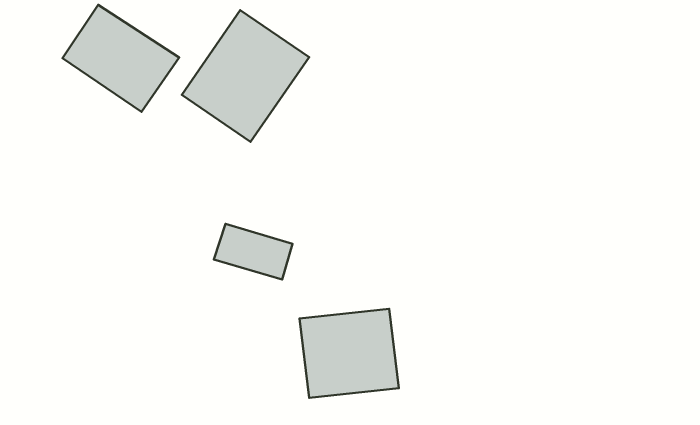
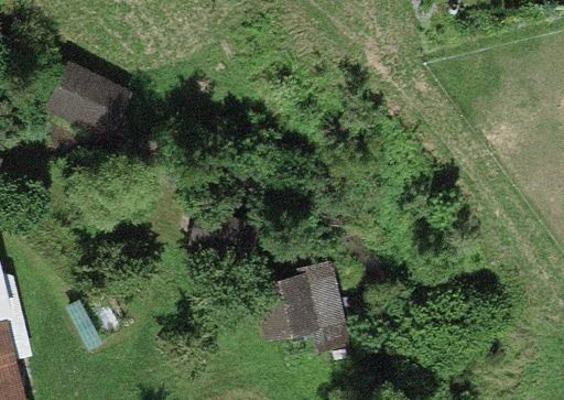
building: [182,10,309,142] -> none

